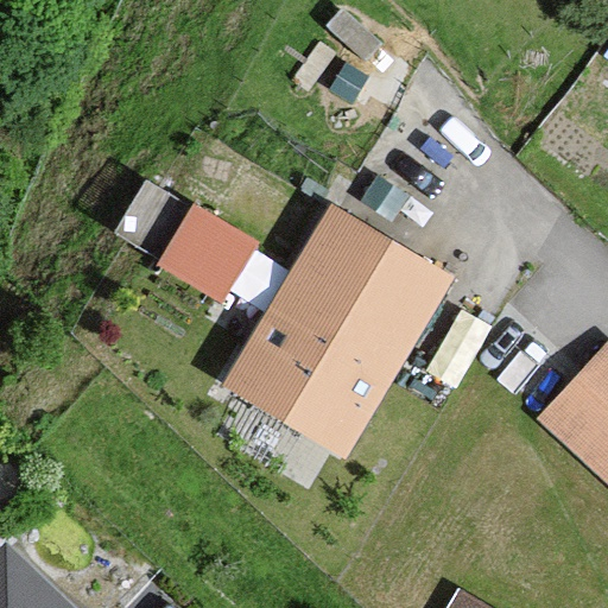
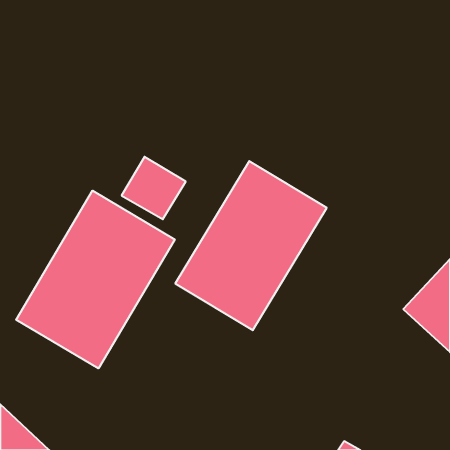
building: none -> [16,191,175,368]

